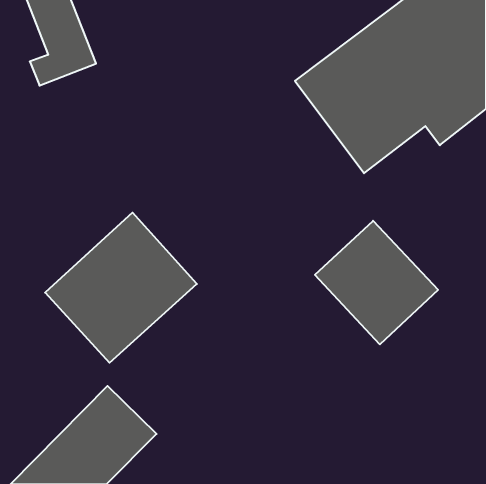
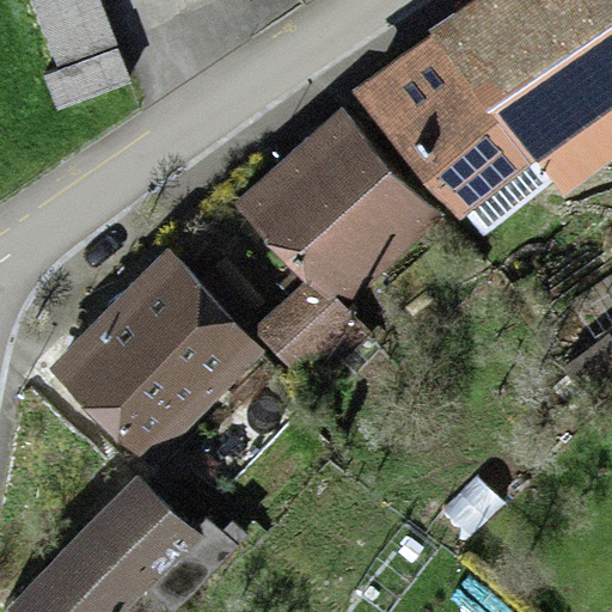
building: none -> [238,117,427,369]
building: [315,221,438,344] -> none

